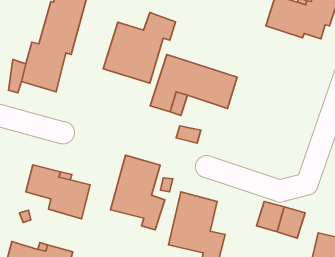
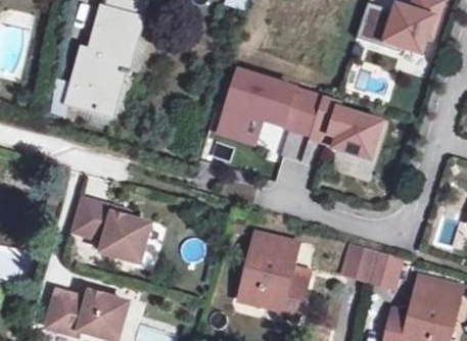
building: [103,12,176,83] -> none
building: none -> [310,97,382,159]
building: [110,155,165,230] -> none

